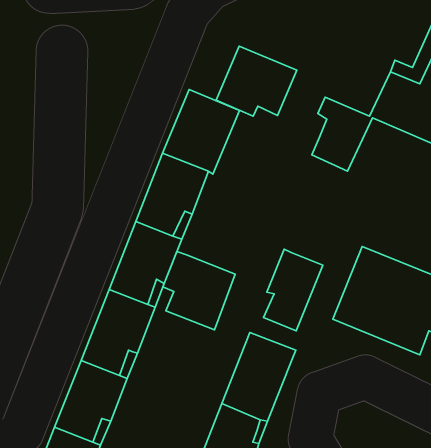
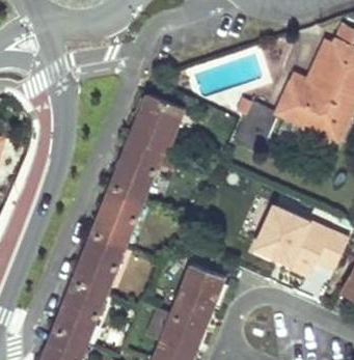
building: [216,46,297,116] -> none
building: [264,249,323,331] -> none
building: [163,251,235,330] -> none

